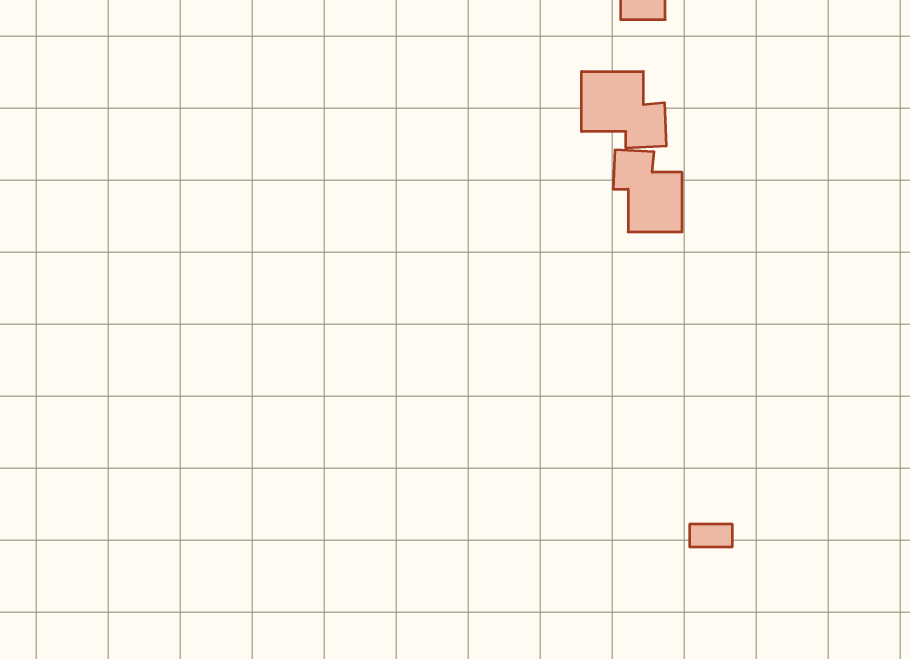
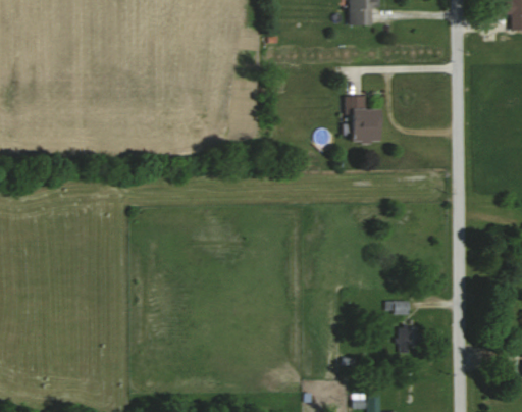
building: [582,71,666,148] -> none
building: none -> [399,326,420,348]

